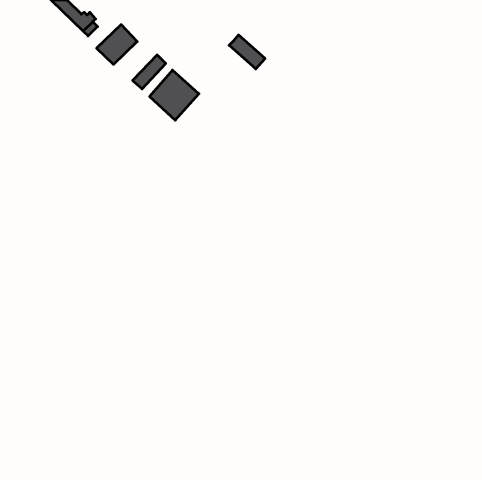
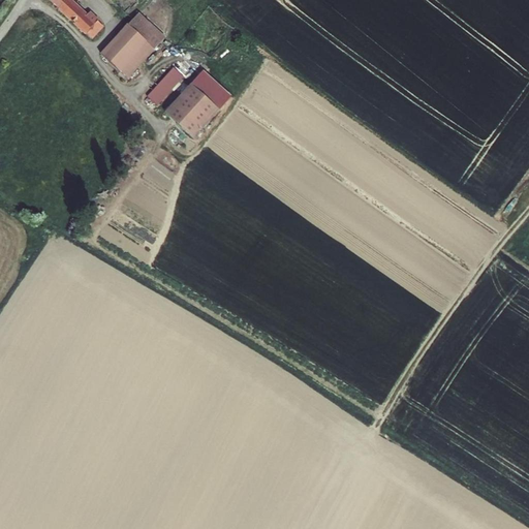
building: none -> [127,13,162,50]
building: [229,35,265,69] -> [190,69,229,106]

